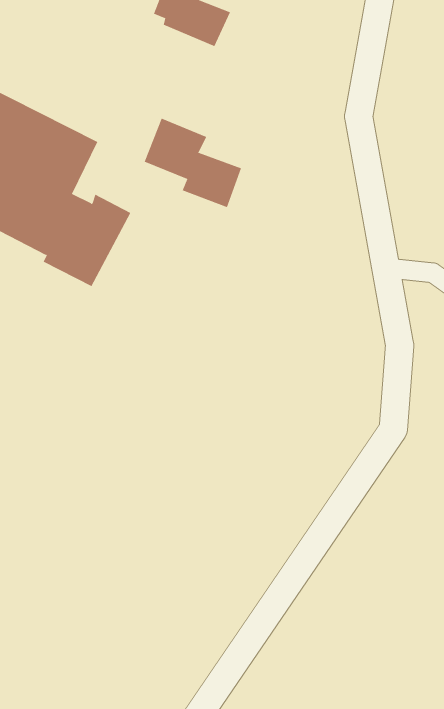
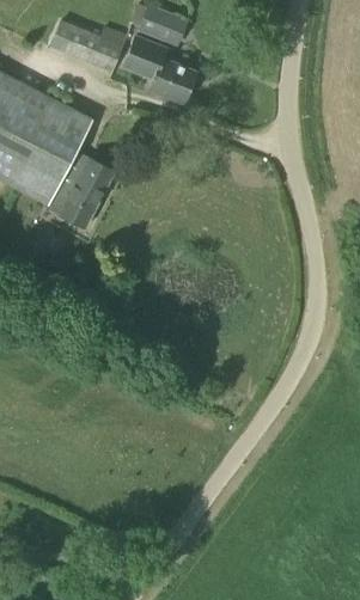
building: none -> [62,25,126,71]
building: [144,118,242,208] -> [121,33,195,102]

